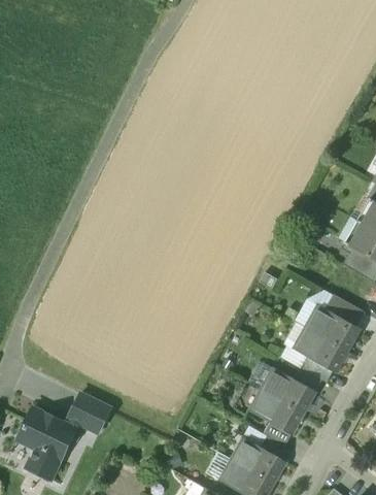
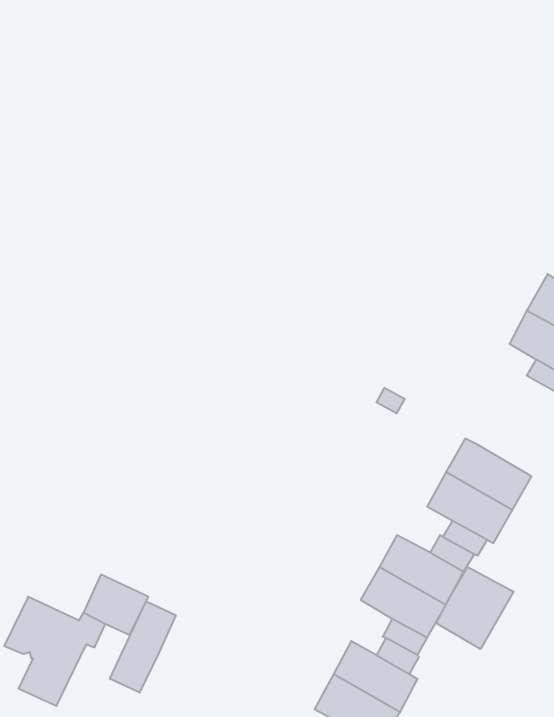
building: [324,295,365,328] -> none
building: none -> [436,567,513,649]
building: none -> [110,601,176,693]

